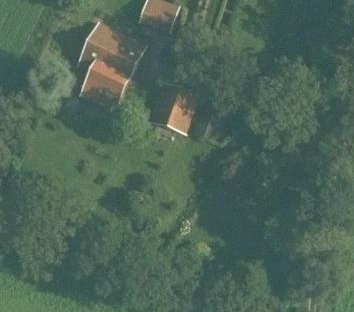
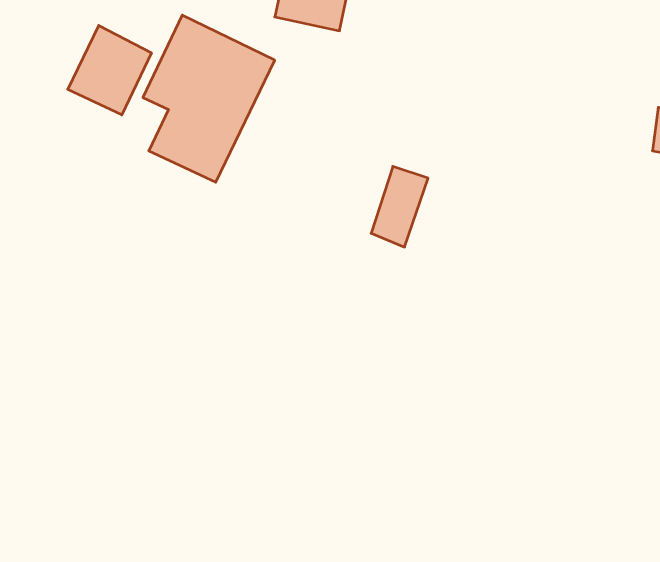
building: none -> [68,25,151,115]
building: [148,83,198,134] -> none

